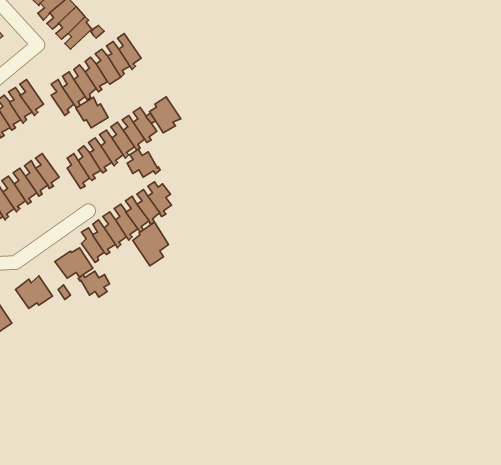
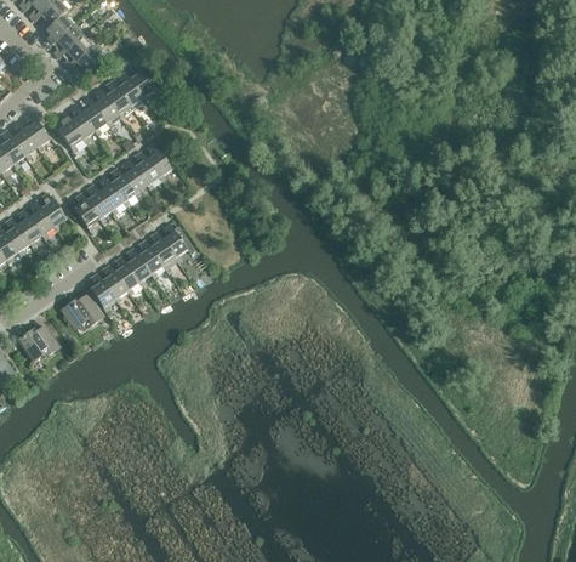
building: [150,97,181,133] -> none
building: [76,97,108,128] -> none
building: [127,149,160,177] -> none
building: [133,222,168,266] -> none
building: [78,271,110,297] -> none

